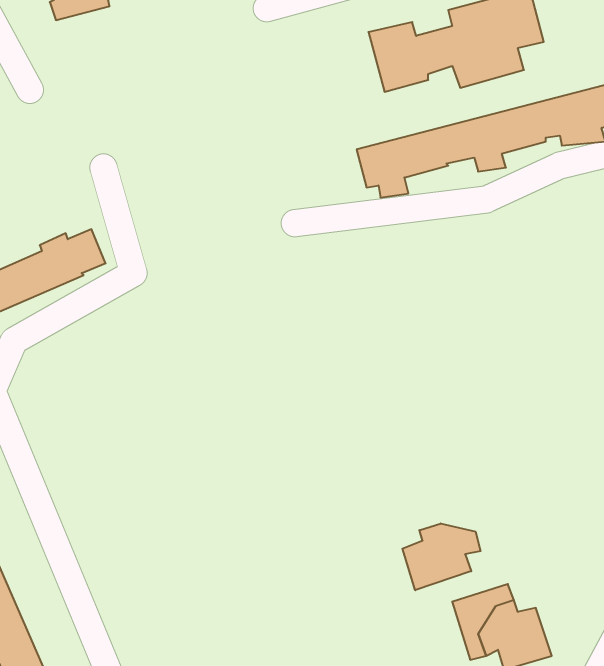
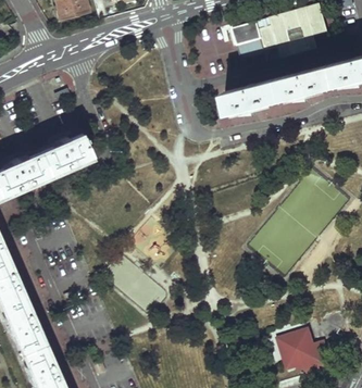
building: [402,523,481,590] -> none

